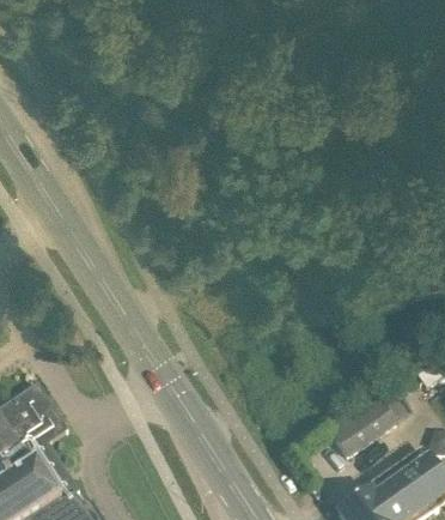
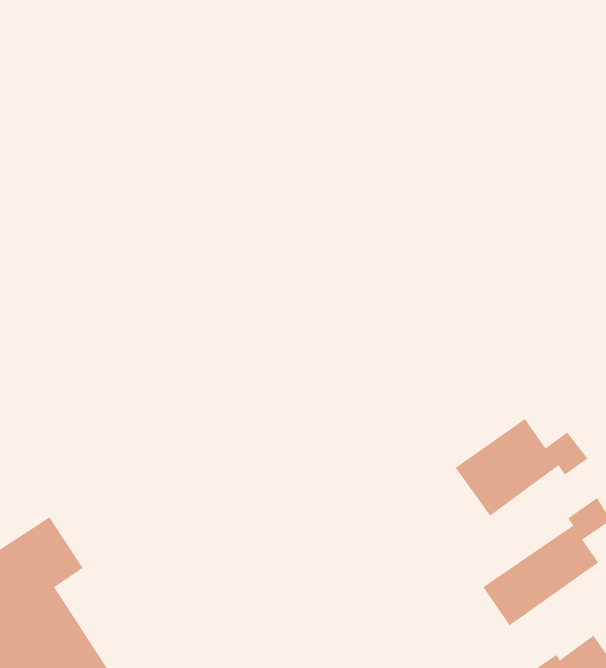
building: none -> [455,418,588,517]

